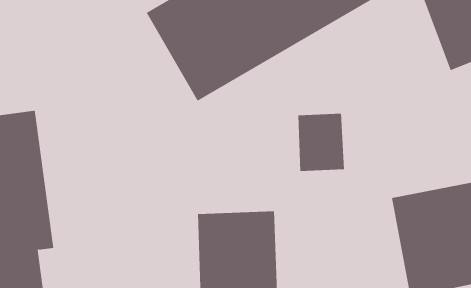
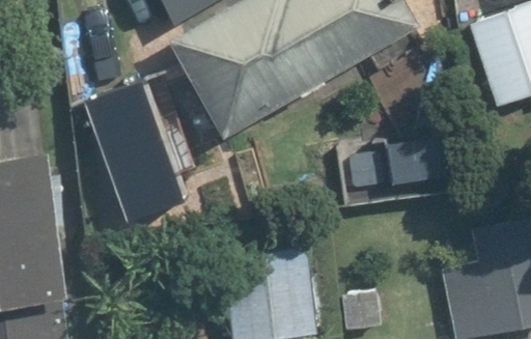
building: none -> [91,98,198,200]

